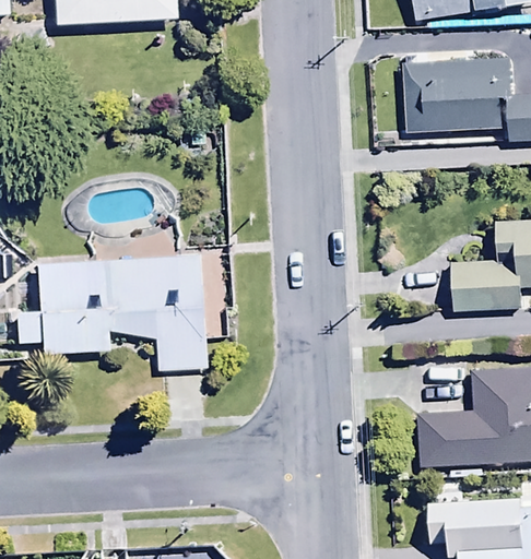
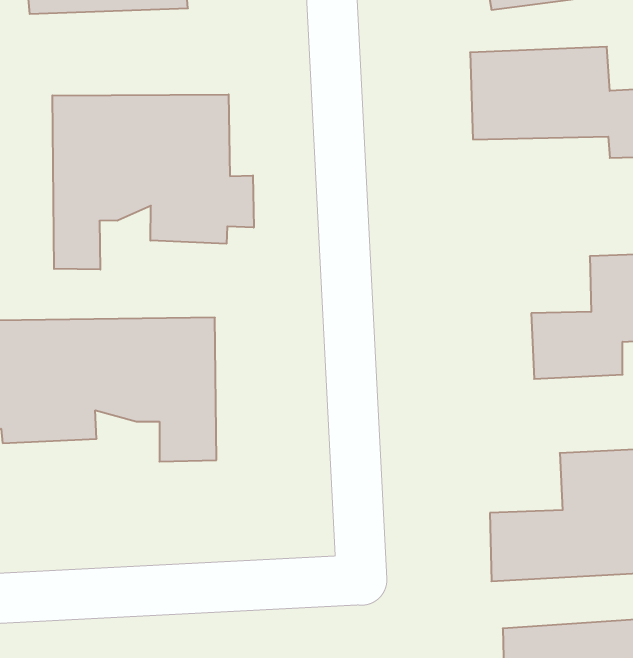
building: none -> [52,94,254,270]

